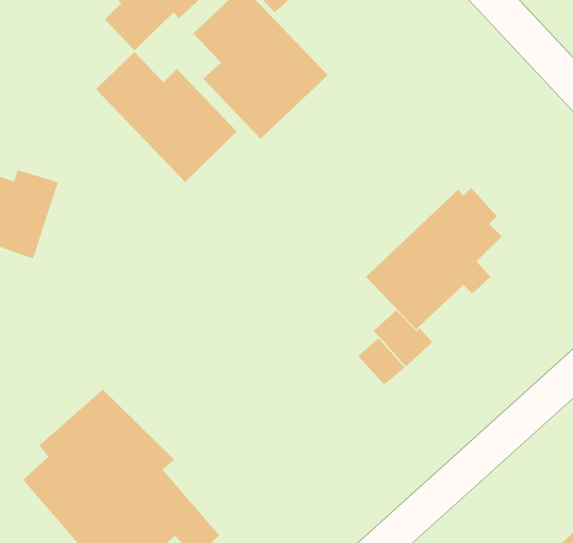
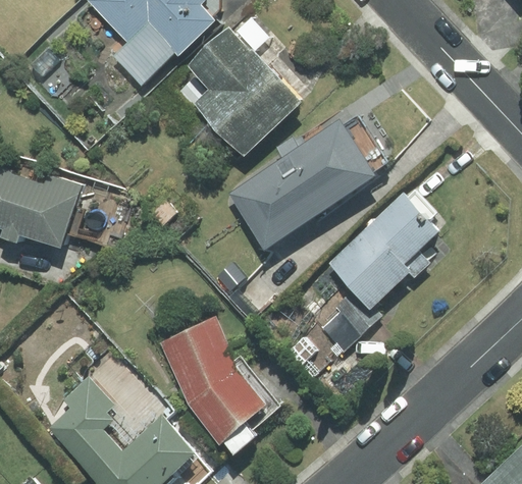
building: [95,51,238,183] -> none
building: none -> [230,117,387,247]
building: none -> [161,319,279,455]

